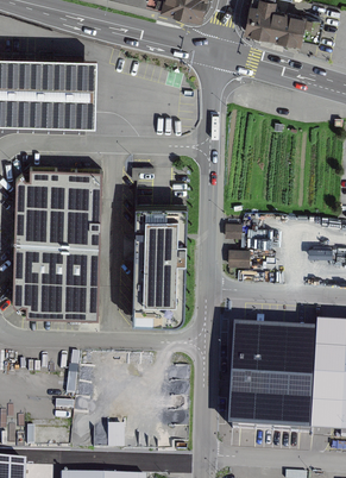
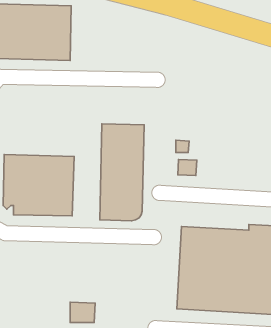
building: [13,166,102,243] -> none

